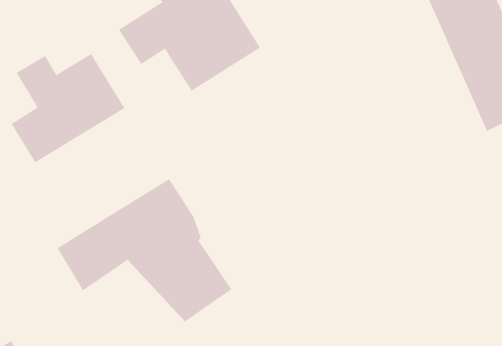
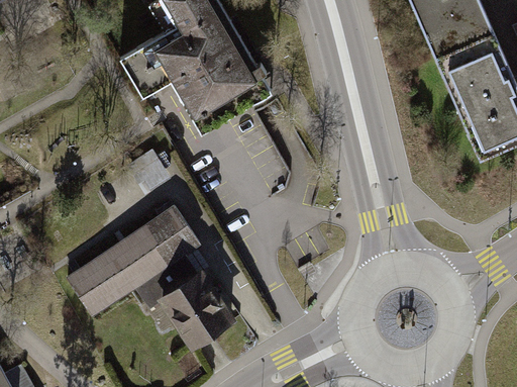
building: [11,53,125,163] -> none

